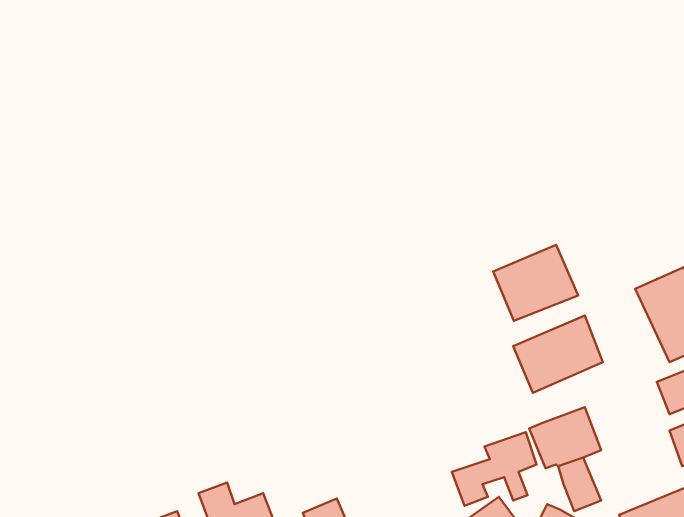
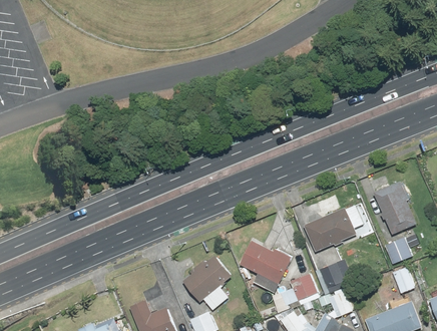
building: [493,245,578,321] -> none
building: none -> [240,240,293,292]
building: none -> [182,256,232,309]

